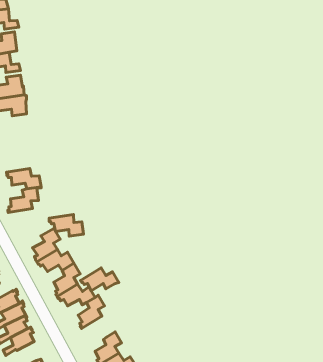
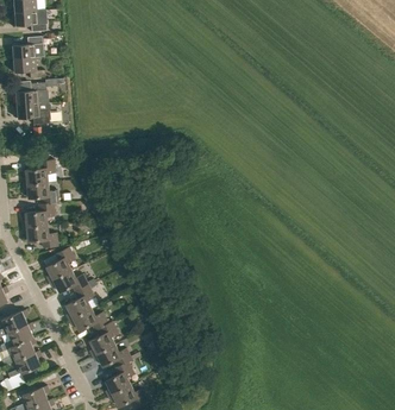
building: none -> [21,159,55,184]
building: [49,215,84,236] -> [21,225,57,247]
building: [81,268,119,291] -> [92,343,132,367]

